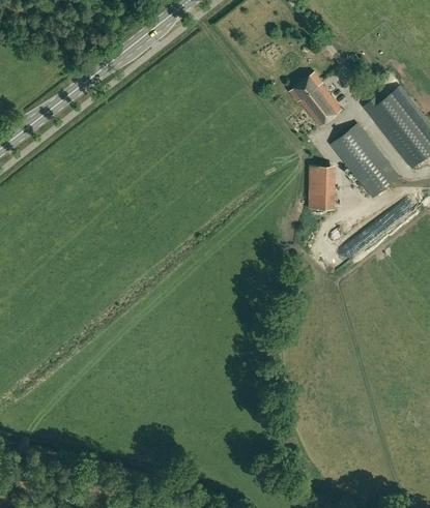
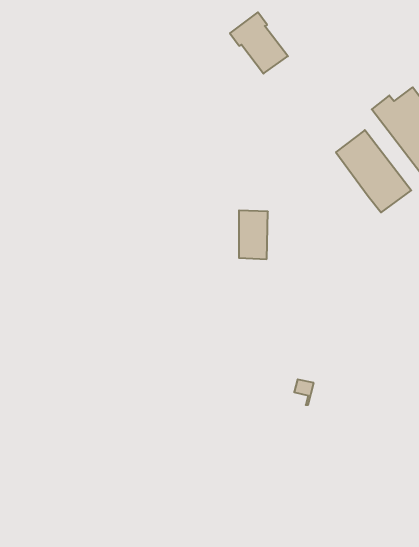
building: [290,71,342,126] -> [230,12,288,74]
building: [310,166,336,209] -> [239,210,268,259]

